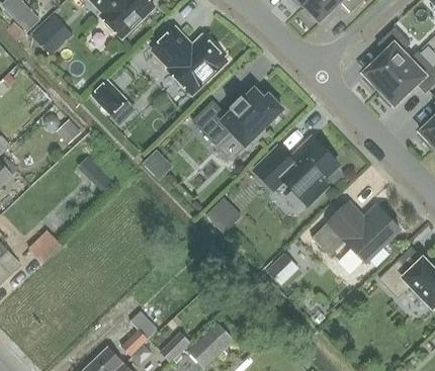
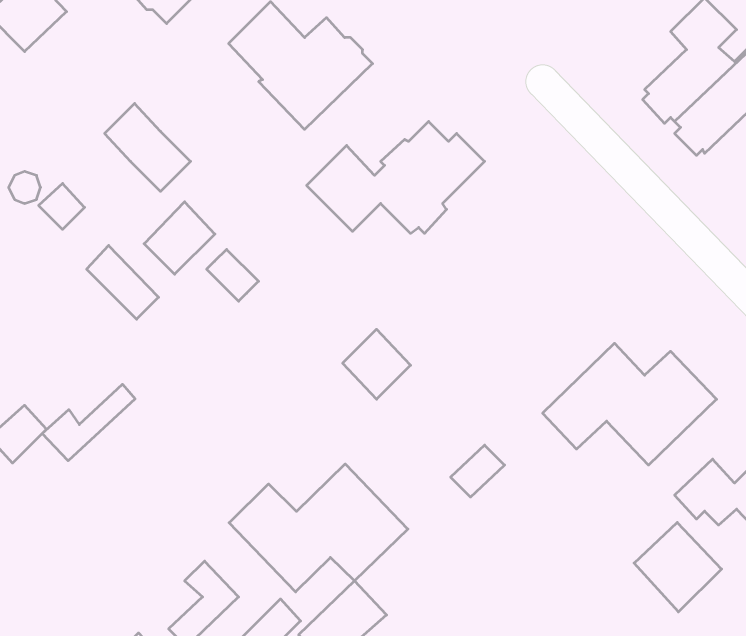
building: none -> [144,202,215,274]
building: [254,137,337,203] -> none
building: none -> [42,384,135,461]
building: none -> [229,464,408,592]
building: none -> [634,522,722,612]

